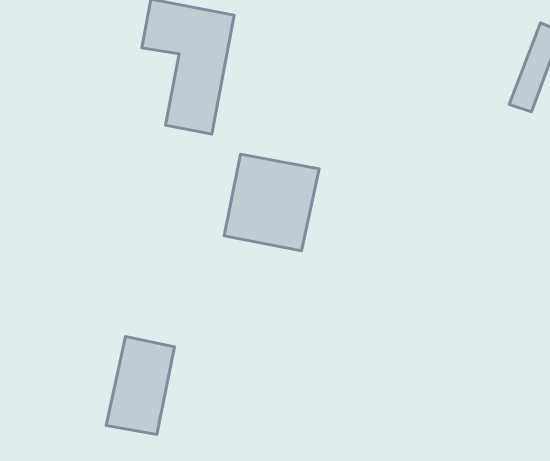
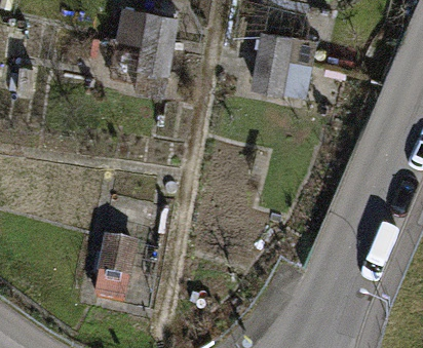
building: [224,154,319,251] -> [249,31,315,98]

